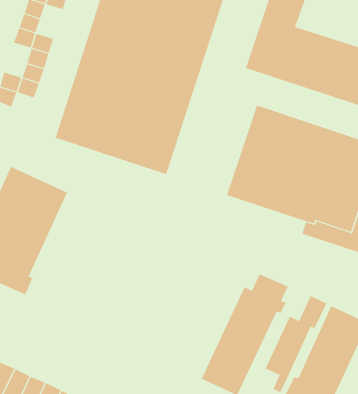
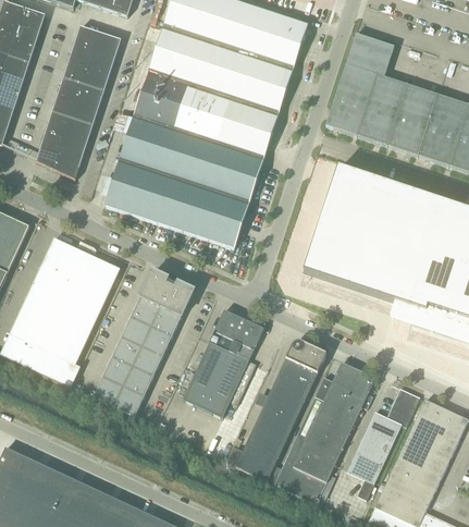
building: none -> [84,49,115,89]
building: none -> [47,94,78,134]
building: none -> [55,151,82,179]
building: none -> [94,270,194,415]
building: none -> [183,308,264,416]
building: none -> [236,340,328,479]

